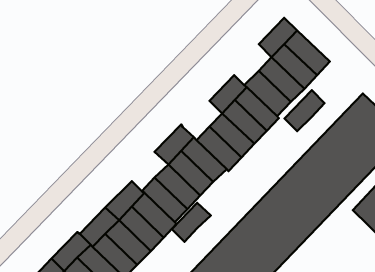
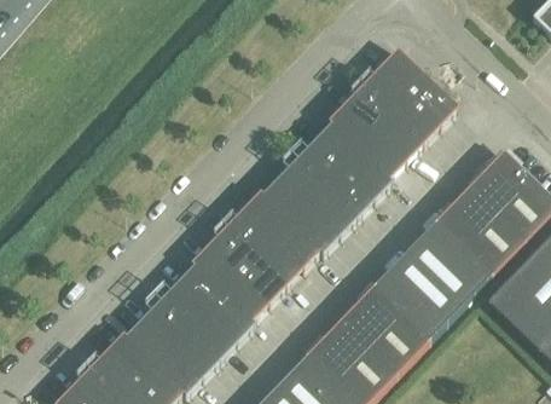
building: [284,90,325,131] -> [327,85,381,139]
building: none -> [263,160,315,212]
building: [172,203,211,242] -> [192,227,244,279]

